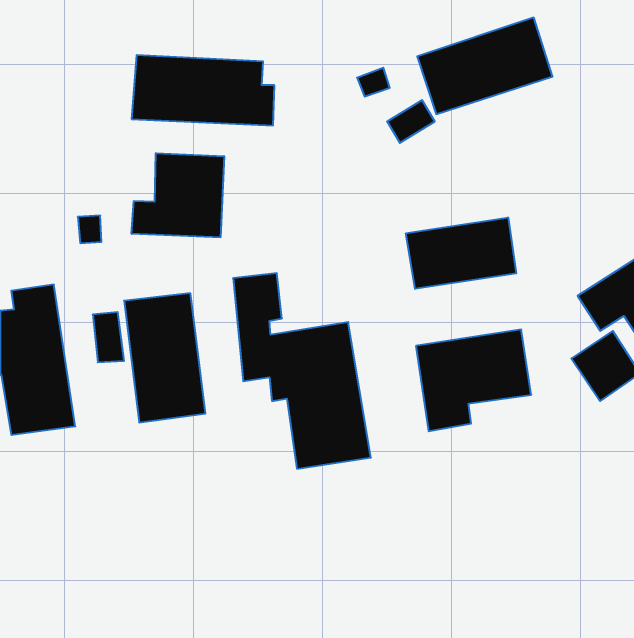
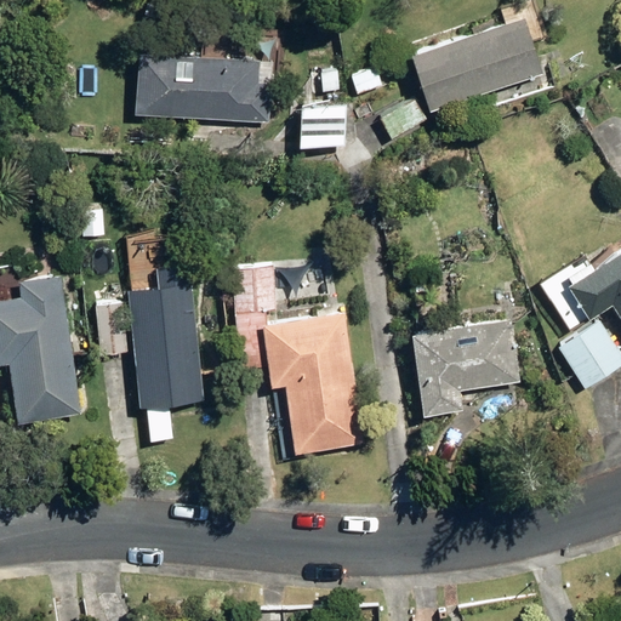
building: none -> [296,103,347,148]
building: [132,153,224,237] -> none
building: [406,217,516,289] -> none

